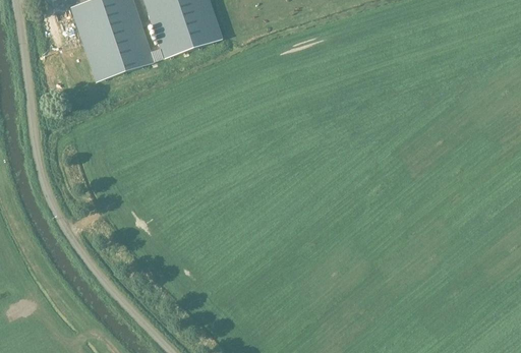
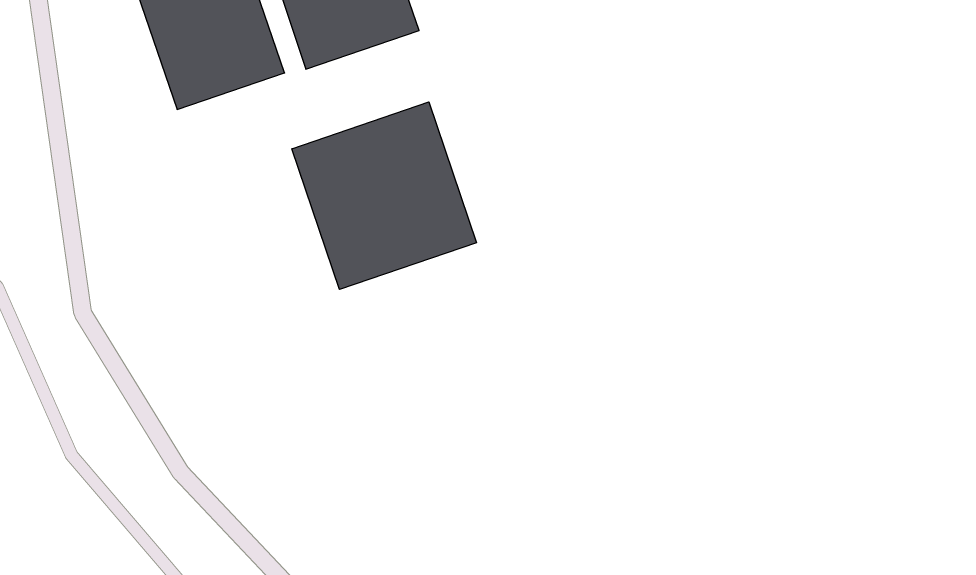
building: none -> [292,102,477,289]

